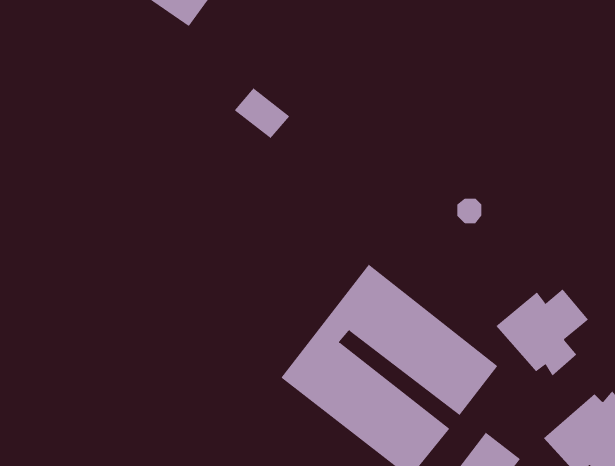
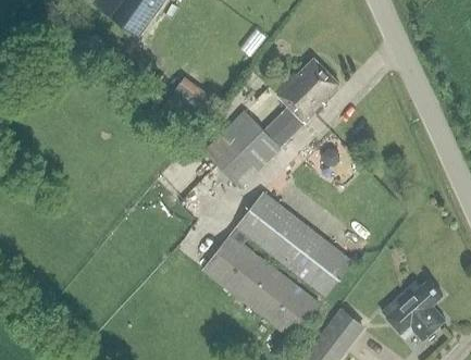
building: none -> [202,60,337,189]
building: [496,288,589,377] -> none

